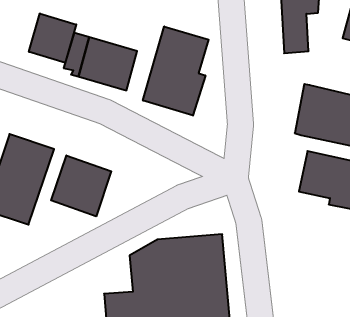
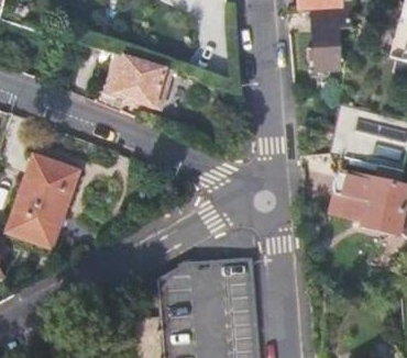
building: [29,13,76,63] -> none
building: [143,26,209,116] -> none
building: [51,155,111,216] -> none

